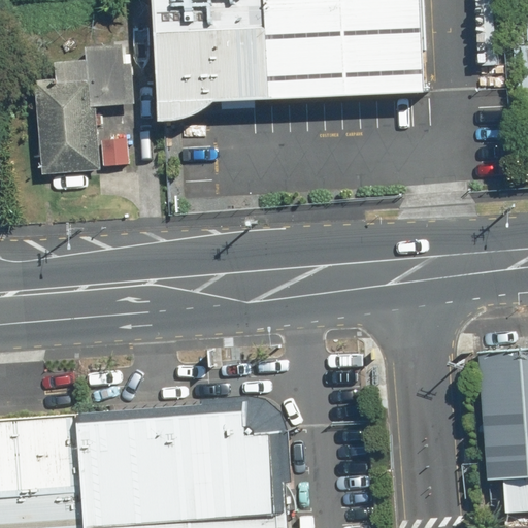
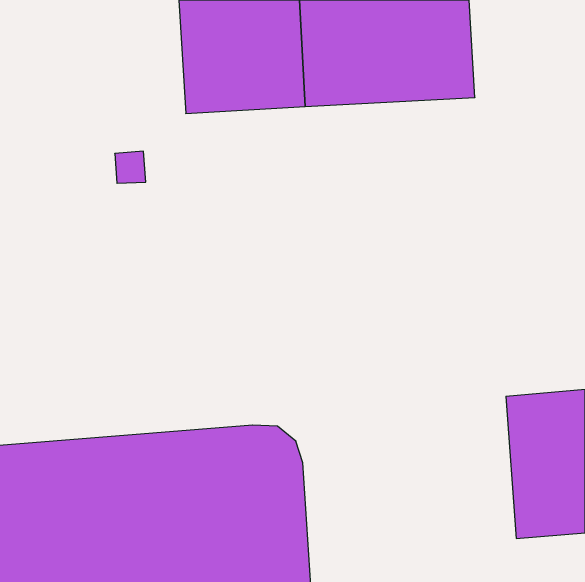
building: [36,46,136,176] -> none

